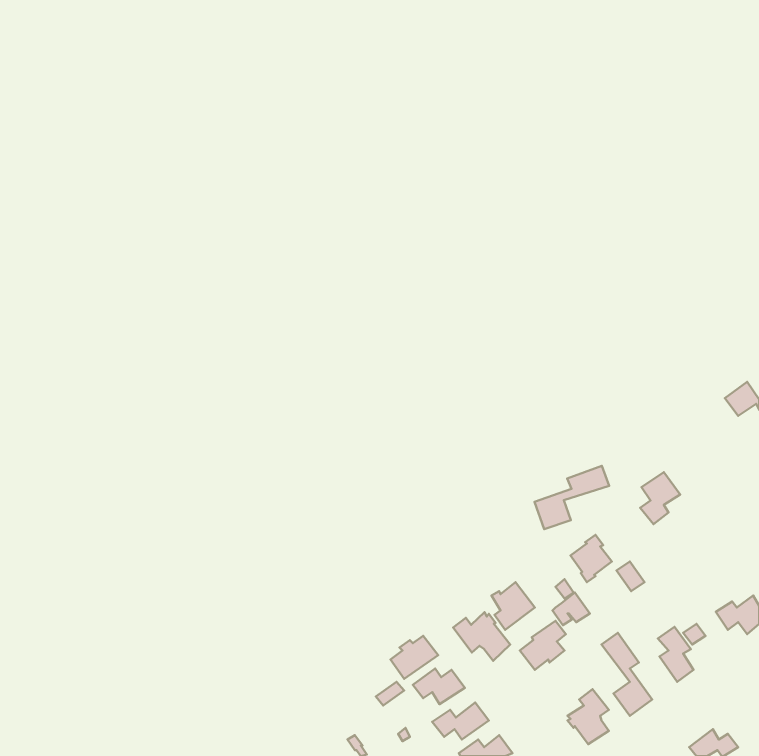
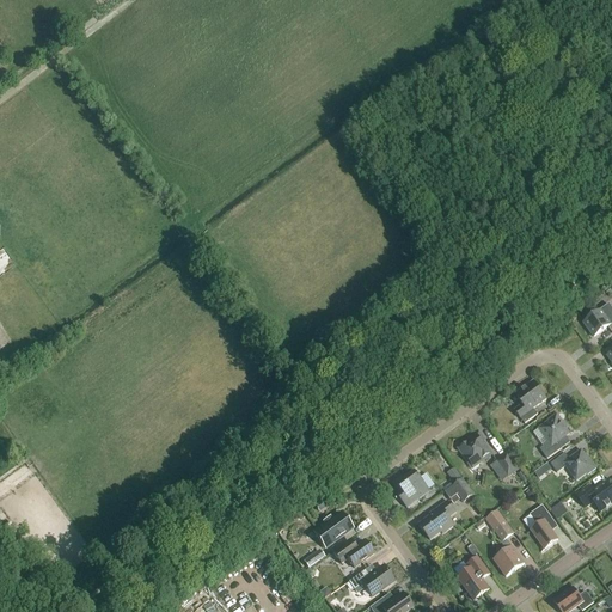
building: [535,466,609,529] -> none
building: none -> [533,412,570,458]
building: none -> [551,448,596,479]
building: [453,612,510,661] -> none

